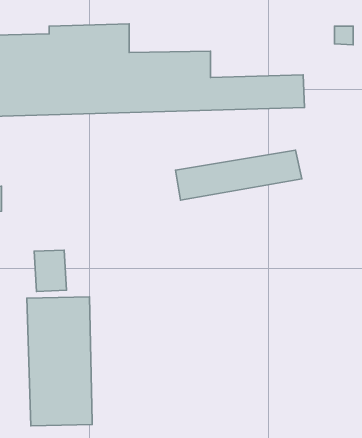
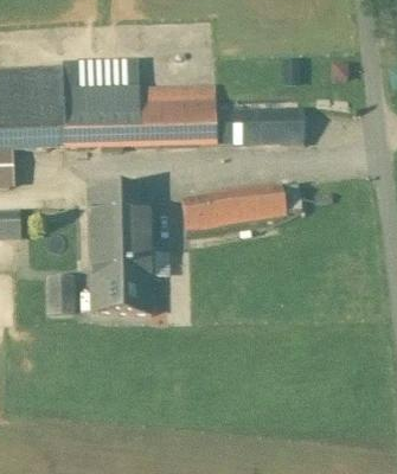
building: [27,297,92,426] -> [90,190,152,312]

